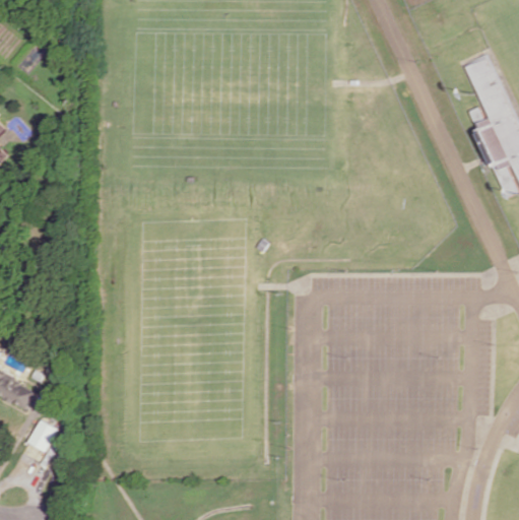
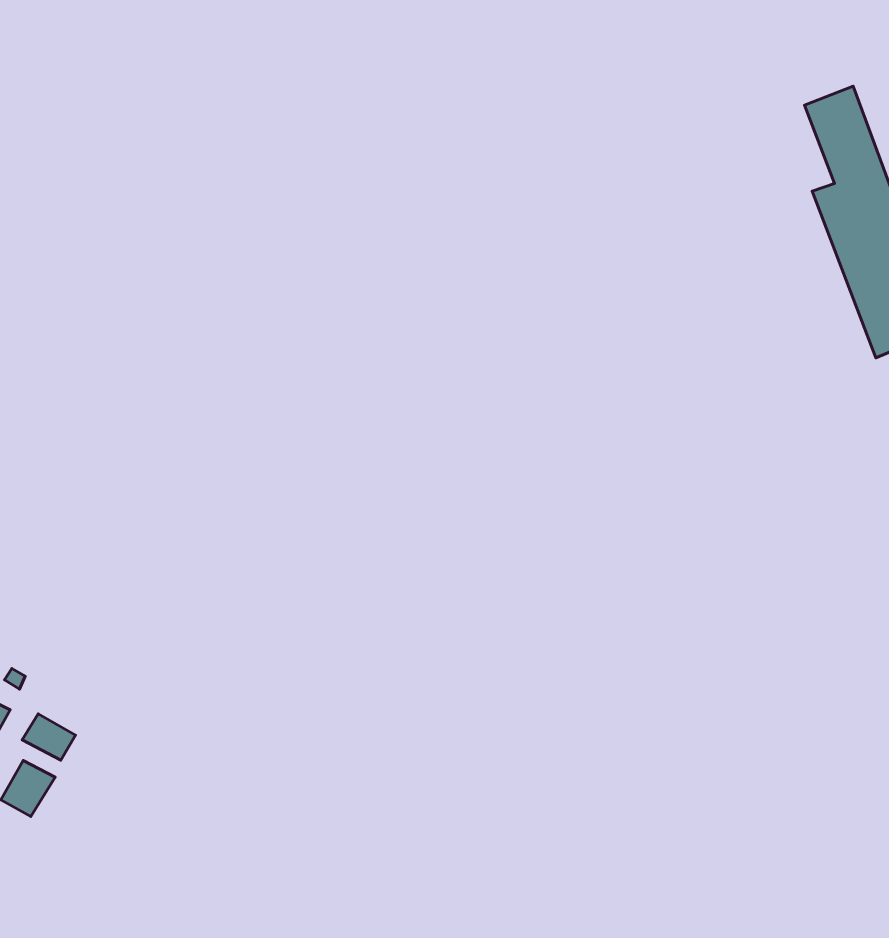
building: none -> [22,714,75,760]

